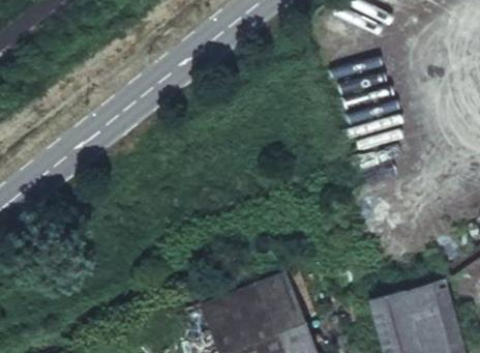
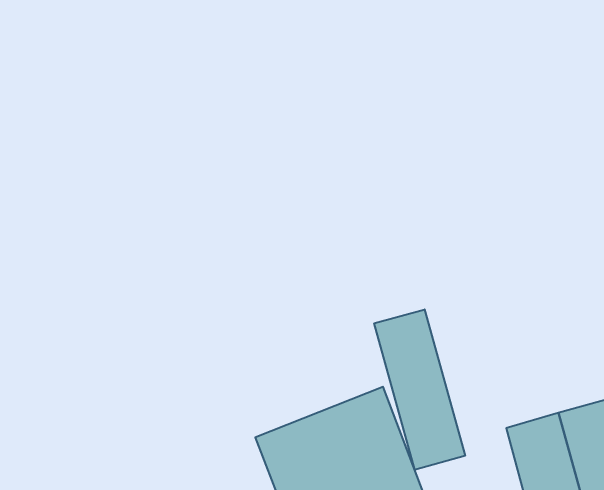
building: none -> [374,309,465,470]

